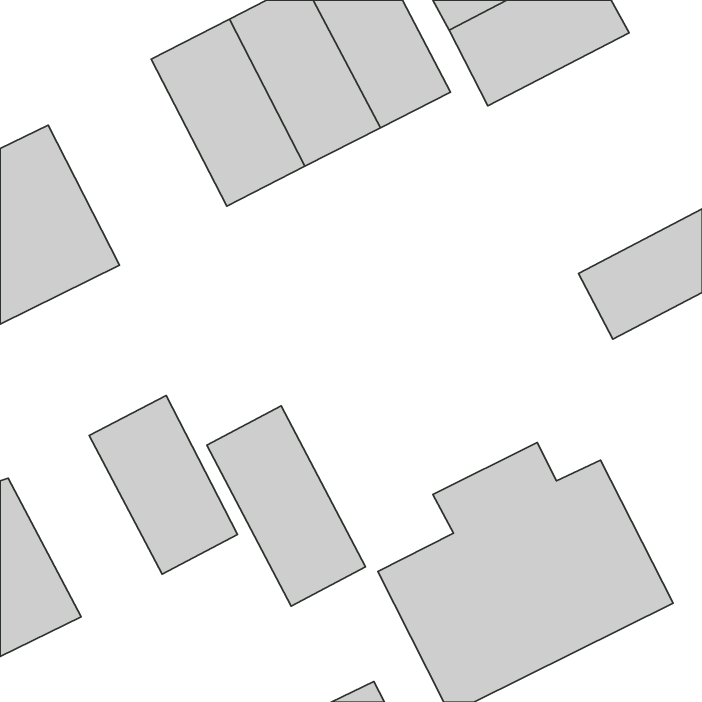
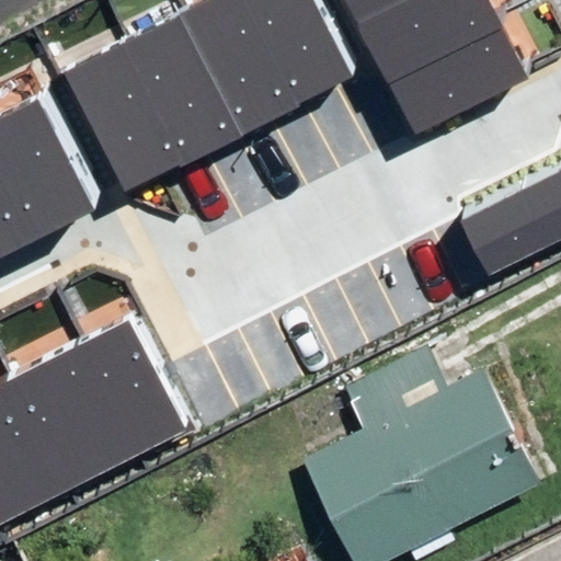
building: none -> [389,26,529,137]
building: none -> [67,47,181,192]
building: [207,406,366,606] -> none
building: none -> [7,347,129,492]

